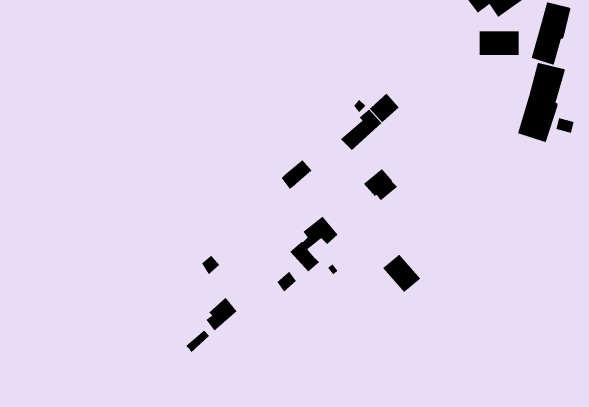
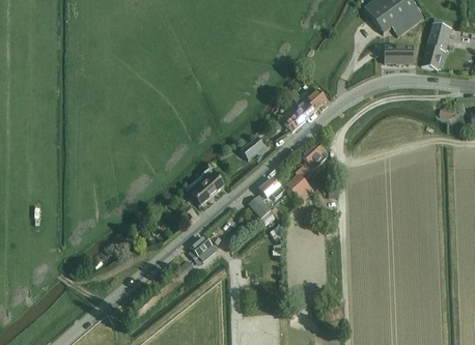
building: [517,62,566,143] -> none
building: none -> [185,166,224,204]
building: [382,254,421,293] -> [286,172,314,200]

